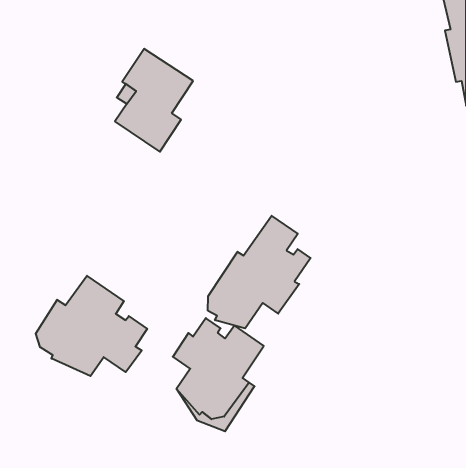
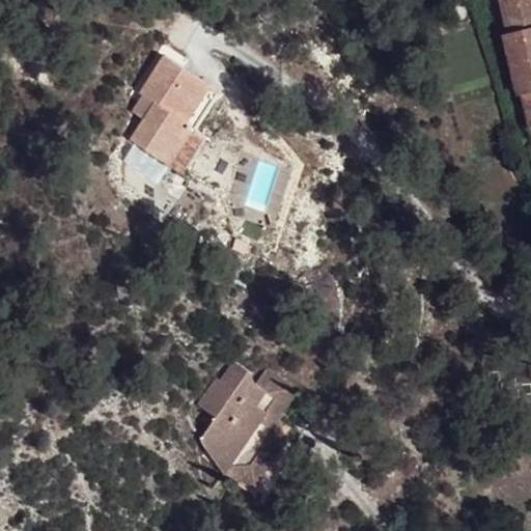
building: [208,216,311,328] -> none
building: [36,276,147,376] -> none

